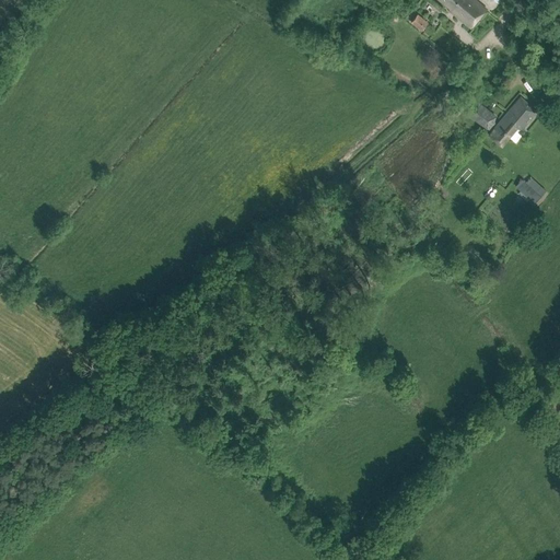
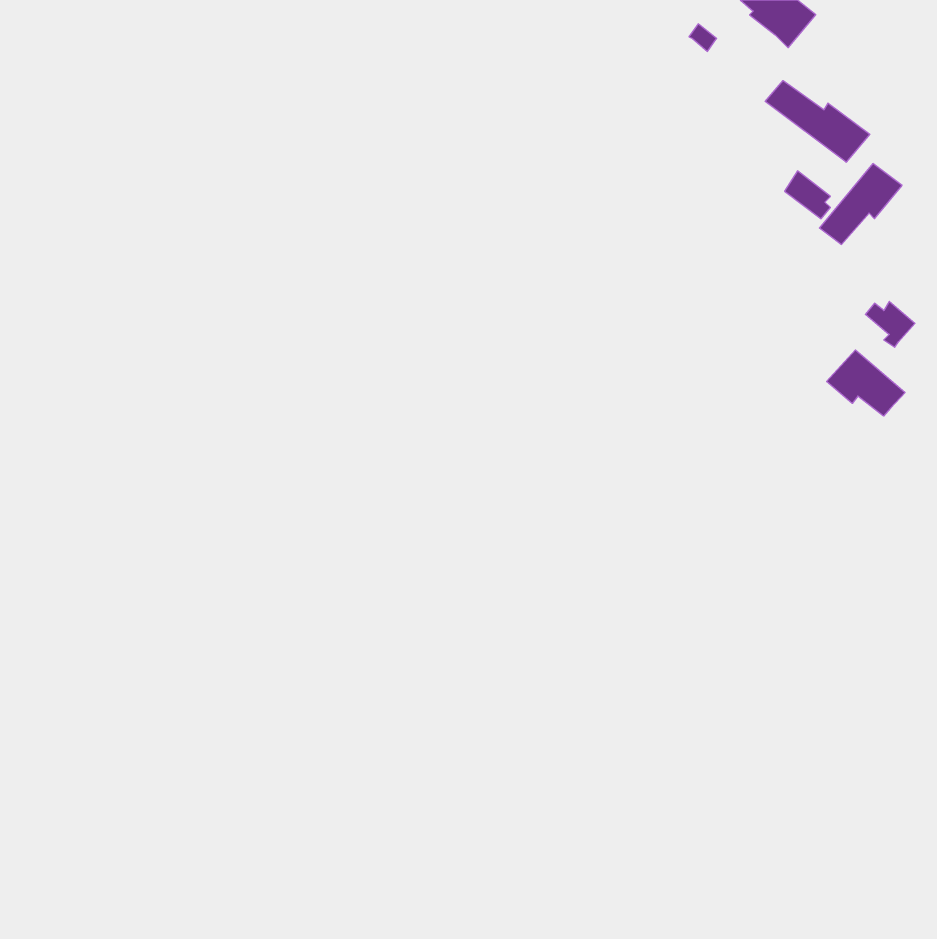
building: none -> [765,81,870,162]
building: none -> [827,350,905,416]

